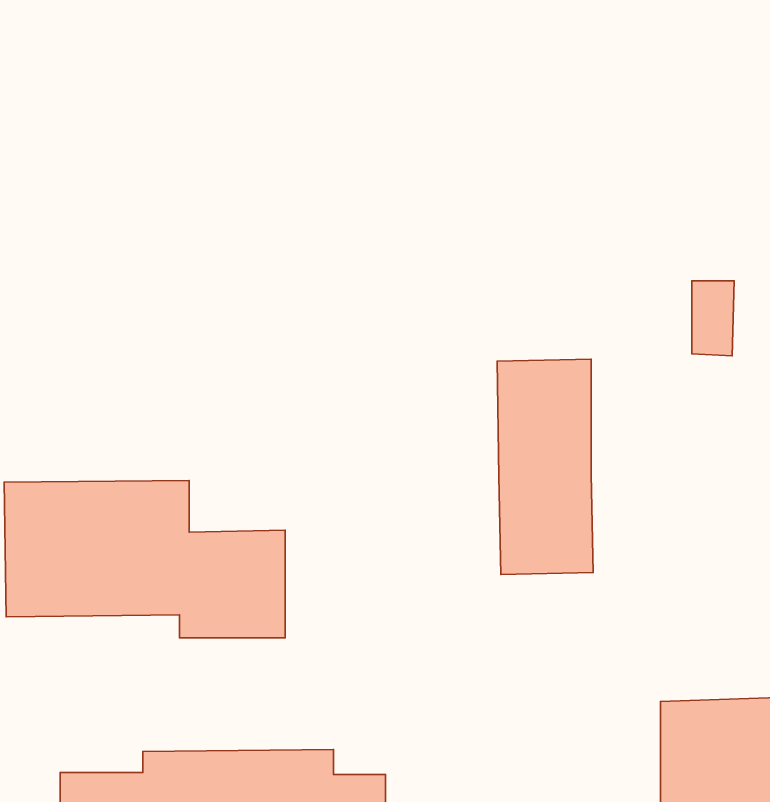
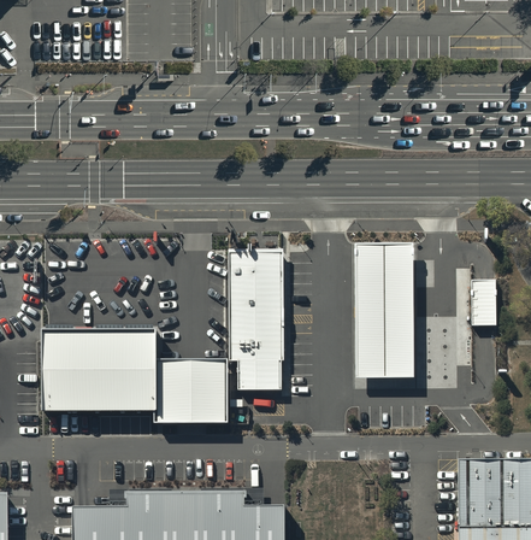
building: [692,281,734,356] -> [468,281,495,328]
building: none -> [230,250,283,389]

